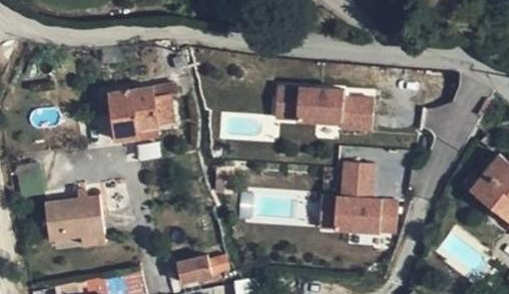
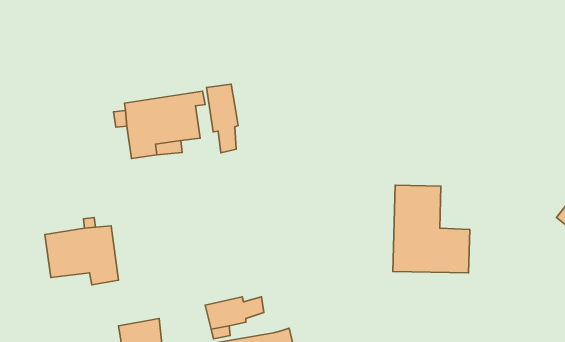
building: none -> [206,84,238,153]
building: [273,86,373,126] -> none

